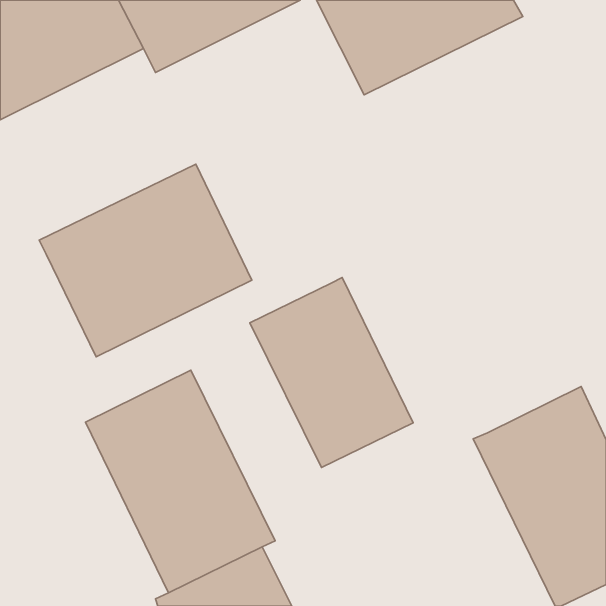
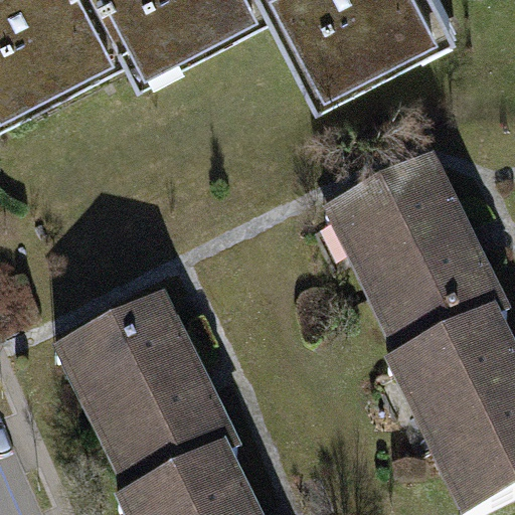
building: [39,164,252,357] -> none
building: none -> [342,179,503,367]
building: [250,277,413,468] -> none

